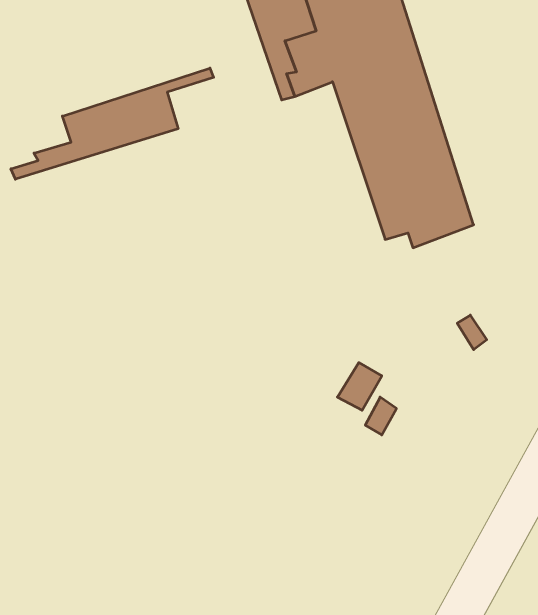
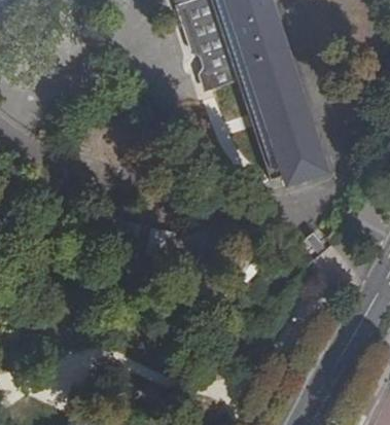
building: [11,68,214,179] -> none

